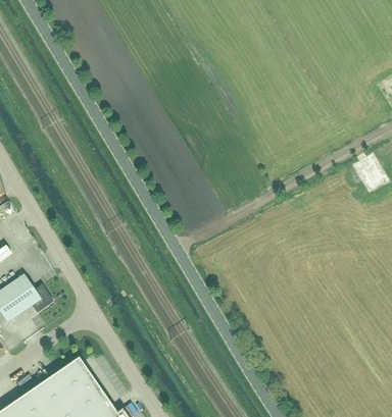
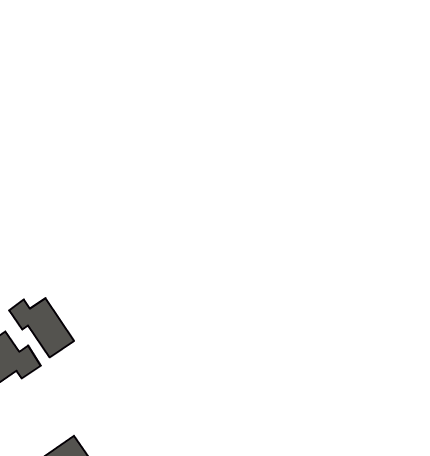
building: none -> [9,298,74,357]

